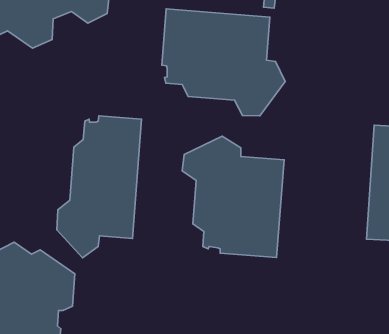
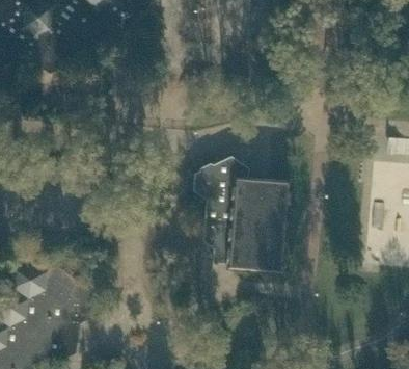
building: [162,9,285,116] -> none
building: [57,116,142,258] -> none

